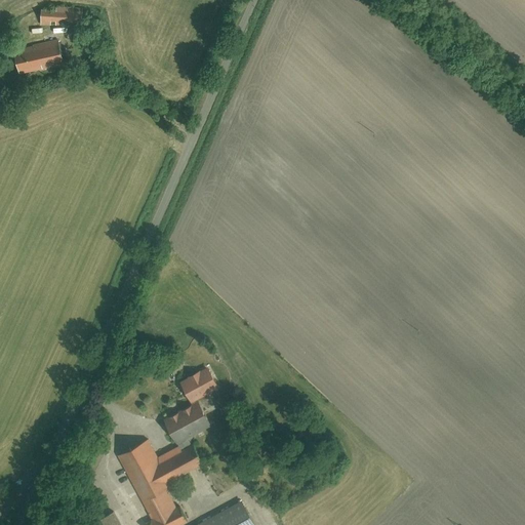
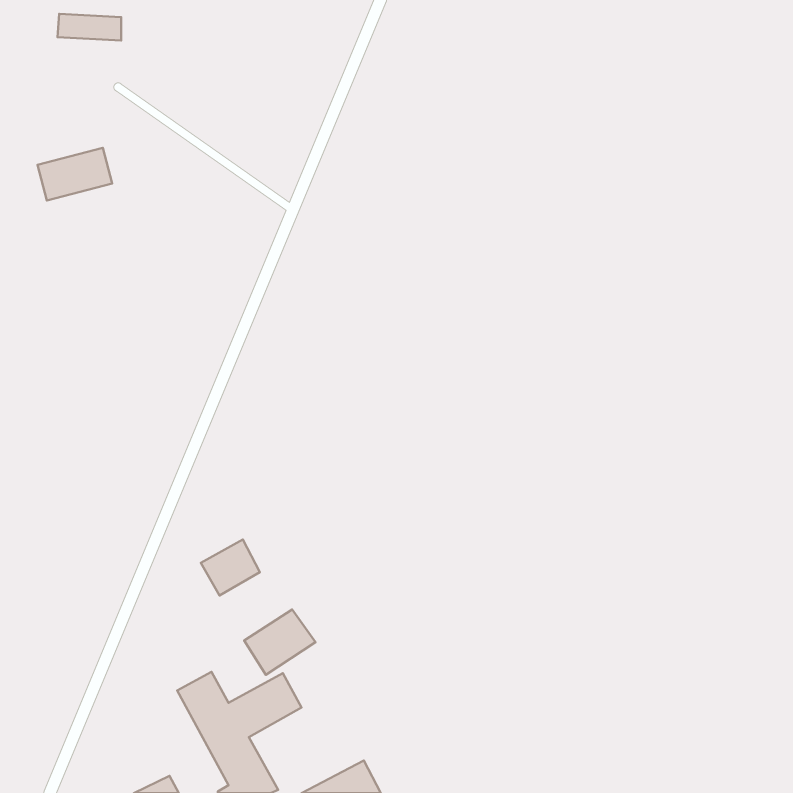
building: [13,41,63,76] -> [37,148,112,201]
building: [178,366,217,403] -> [201,540,260,596]

